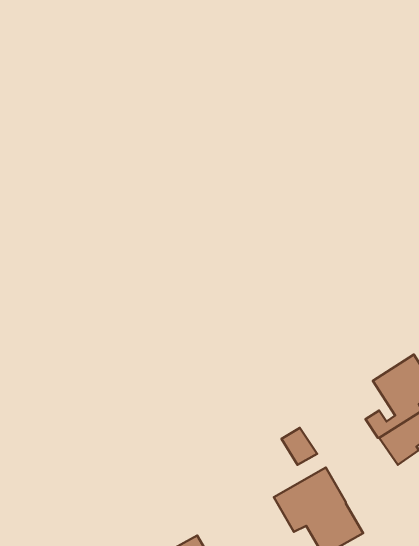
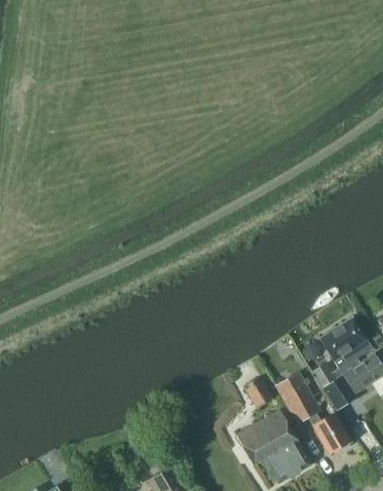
building: none -> [274,372,350,454]

